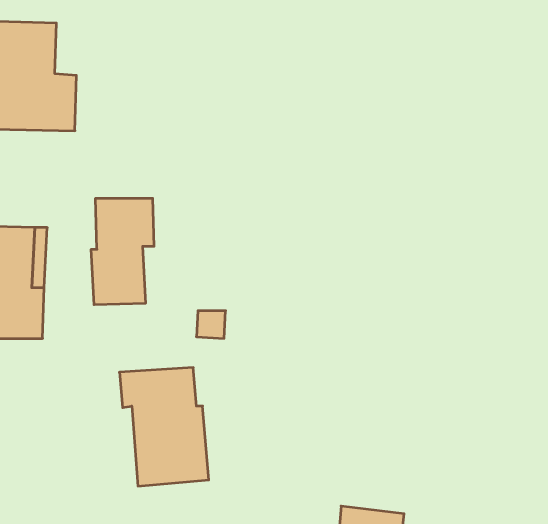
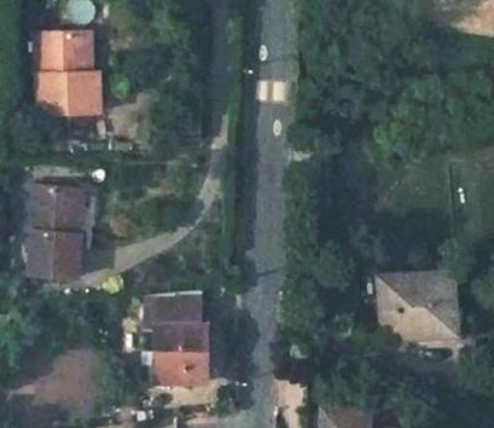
building: [91,198,154,305] -> none
building: none -> [368,270,451,339]

